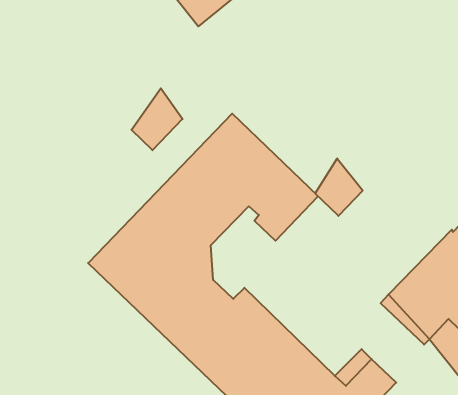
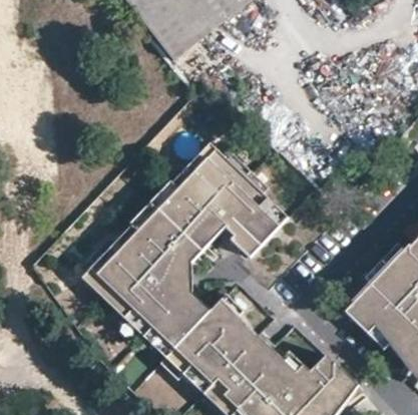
building: [131,88,183,150] -> none
building: [315,158,363,216] -> none

